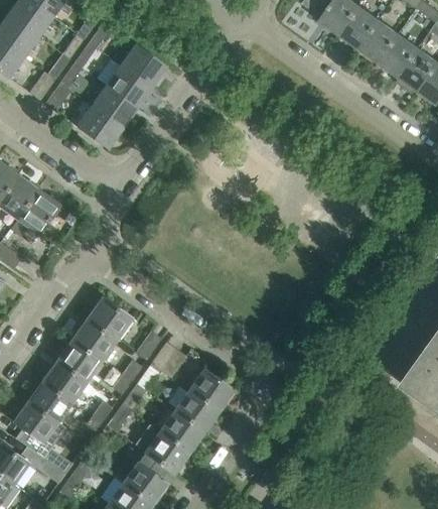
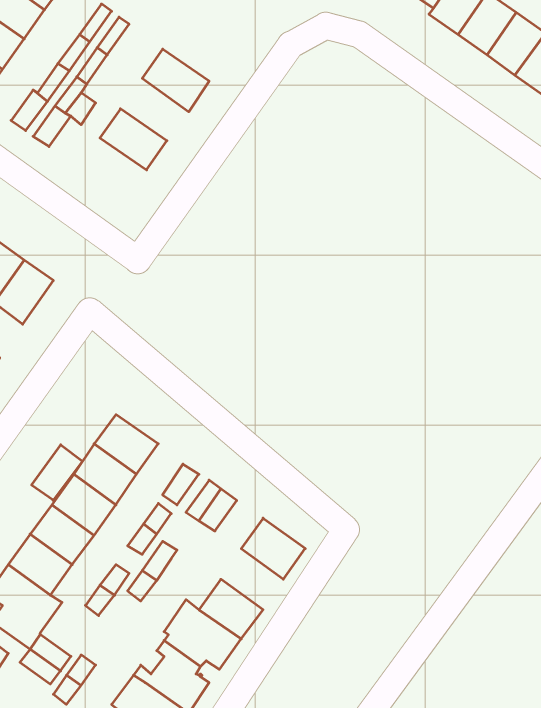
building: [105,65,152,108] -> none
building: [76,106,123,149] -> none
building: none -> [32,445,83,500]
building: [174,390,217,432] -> none

